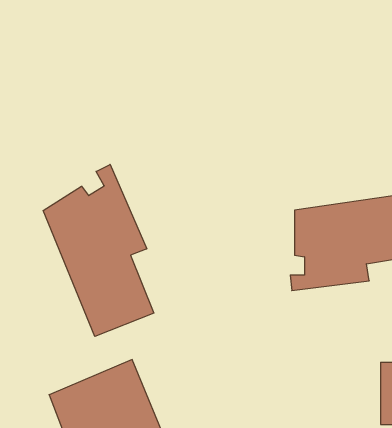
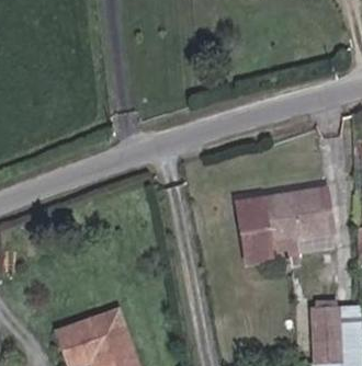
building: [43,164,154,336] -> none

